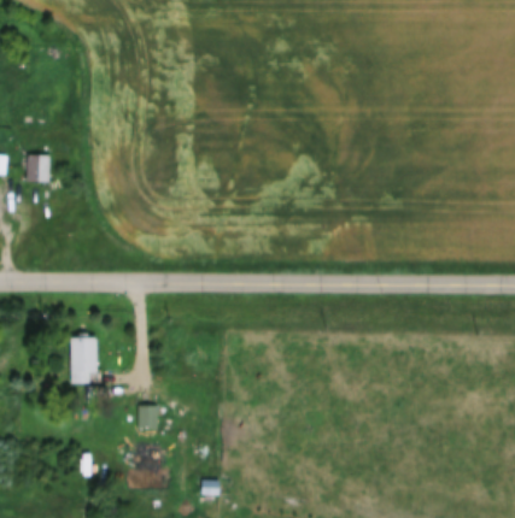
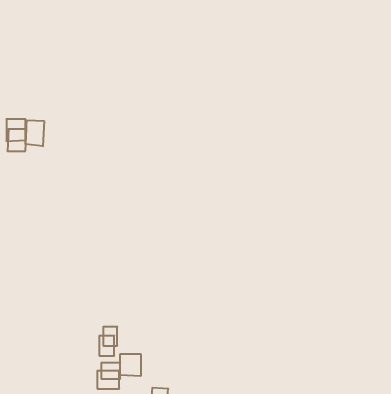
building: none -> [26,120,44,146]
building: [70,332,96,382] -> none
building: none -> [120,354,141,376]

